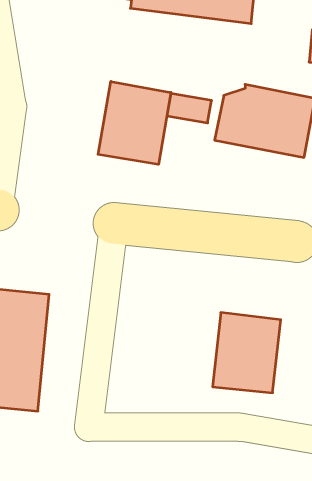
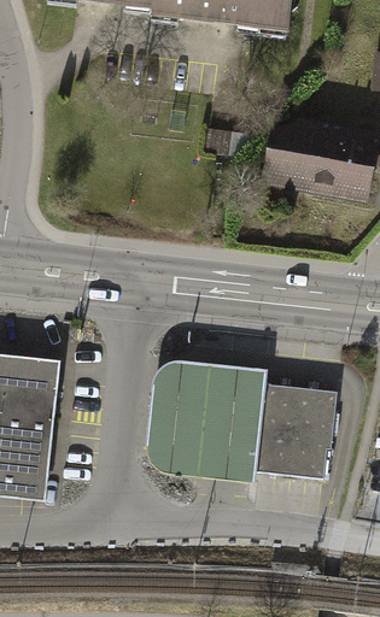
building: [98,81,171,164] -> none
building: none -> [146,362,267,483]

